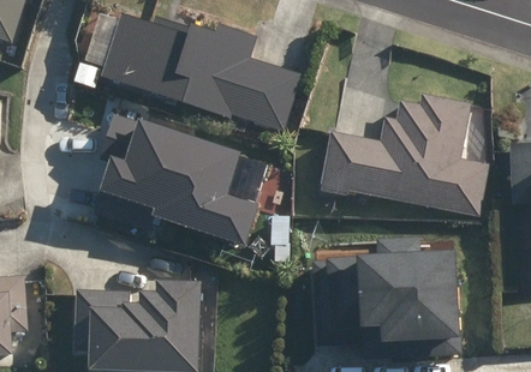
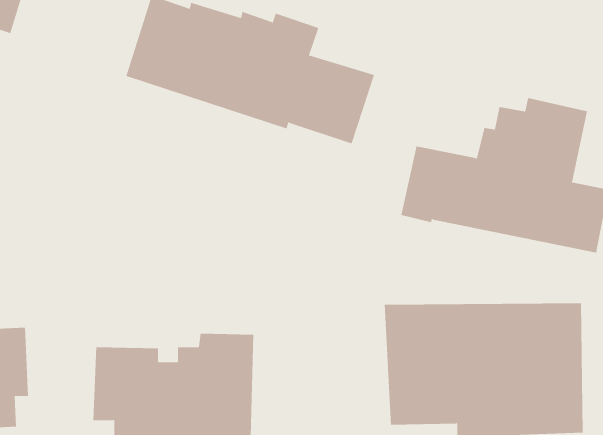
building: [95,114,257,244] -> none

